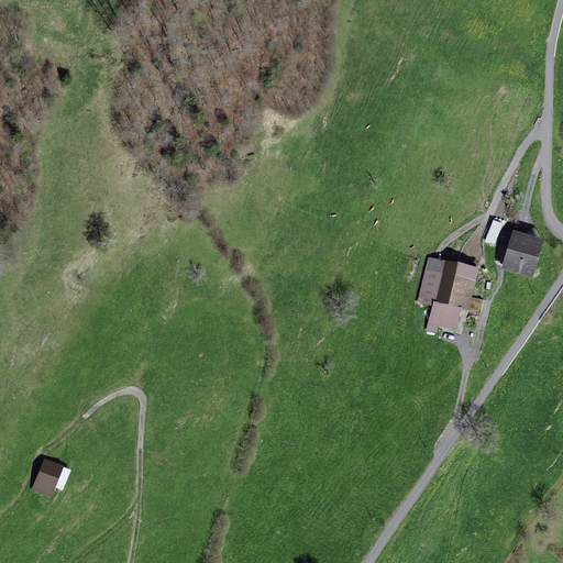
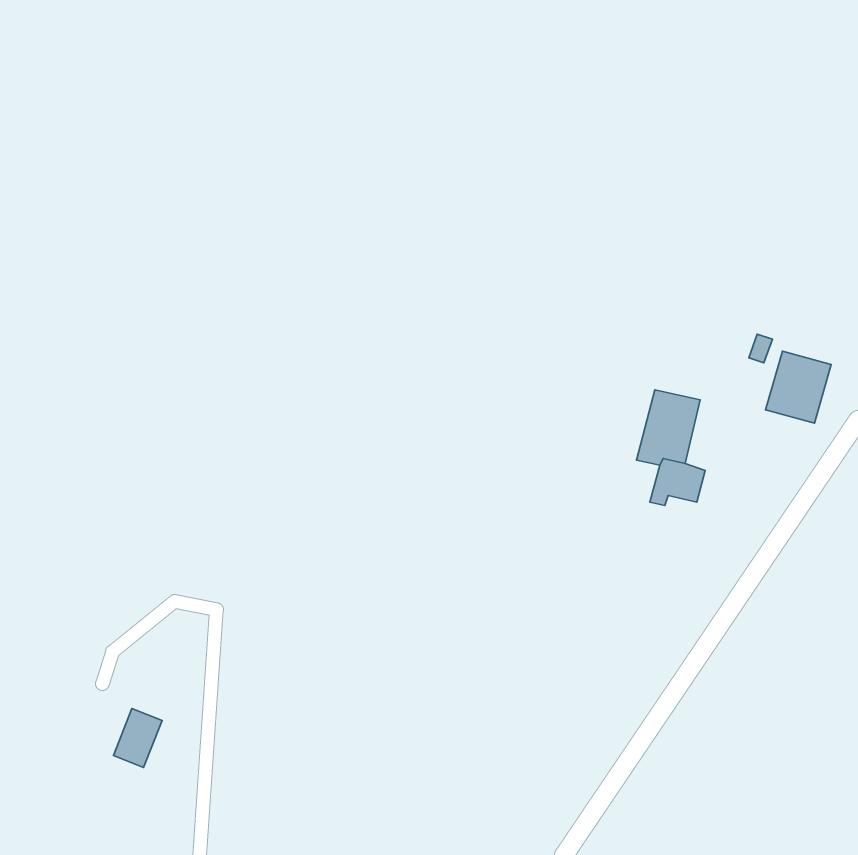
building: [449,262,479,309] -> none
building: [32,457,64,496] -> [113,709,162,767]

